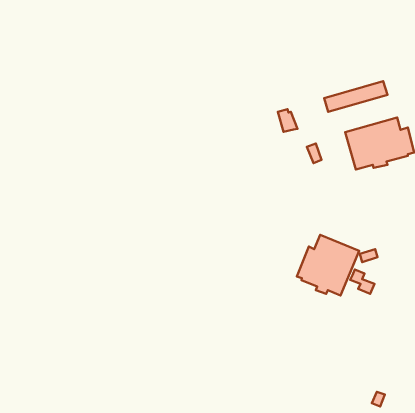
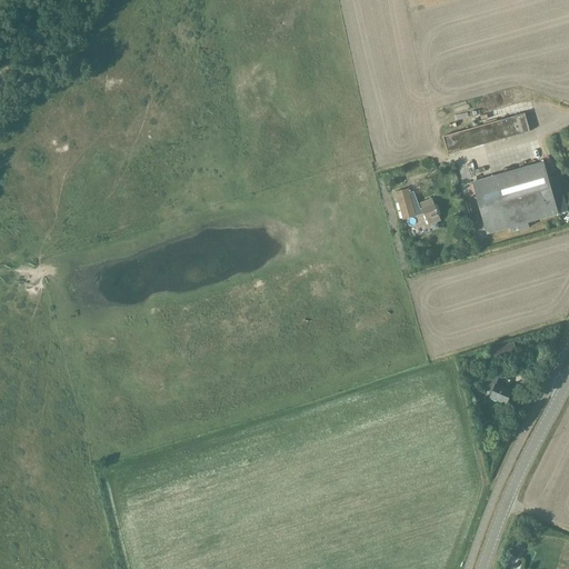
building: [278,109,297,132] -> [396,187,422,218]
building: [297,235,359,295] -> none

